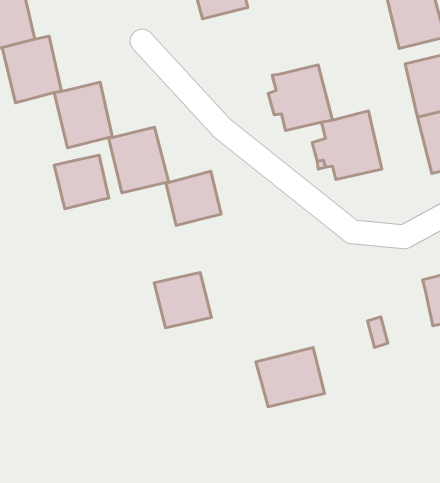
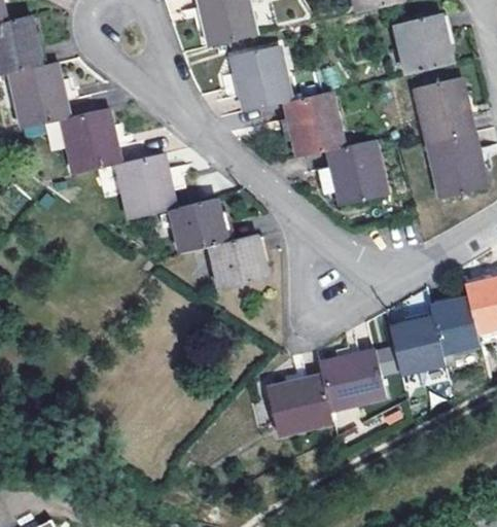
building: none -> [228,46,288,111]
building: [54,155,109,209] -> none
building: [154,273,211,328] -> [212,235,270,290]
building: none -> [389,315,445,373]
building: none -> [319,349,385,409]

